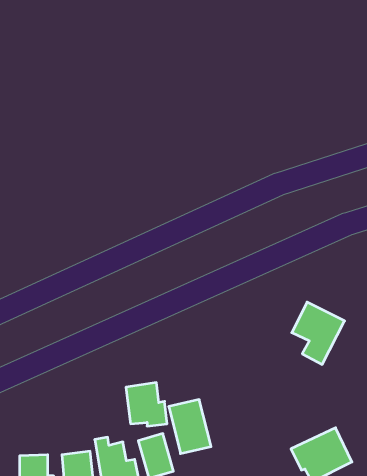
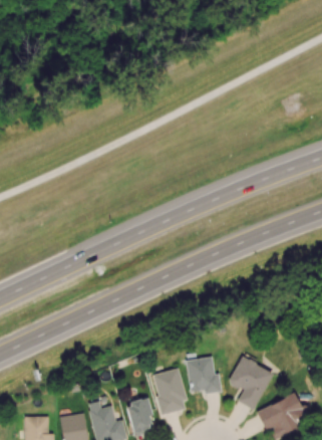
building: [292,302,345,364] -> [228,357,273,410]
building: [126,383,167,426] -> [186,357,221,394]

